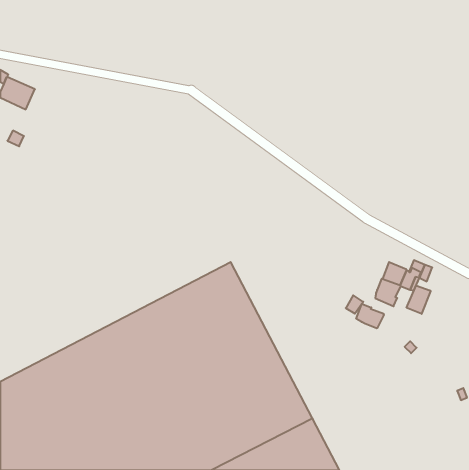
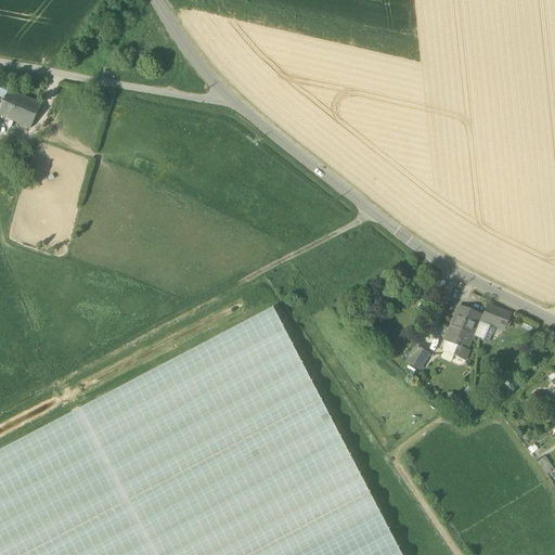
building: [407,286,431,314] -> none
building: [356,304,384,328] -> none

